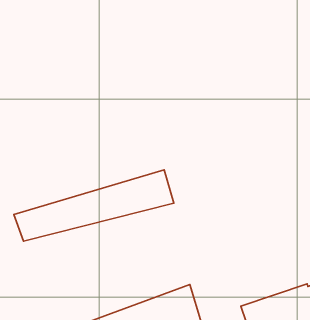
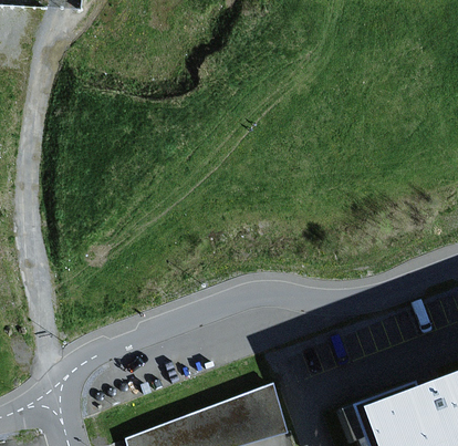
building: [14,170,174,241] -> none

